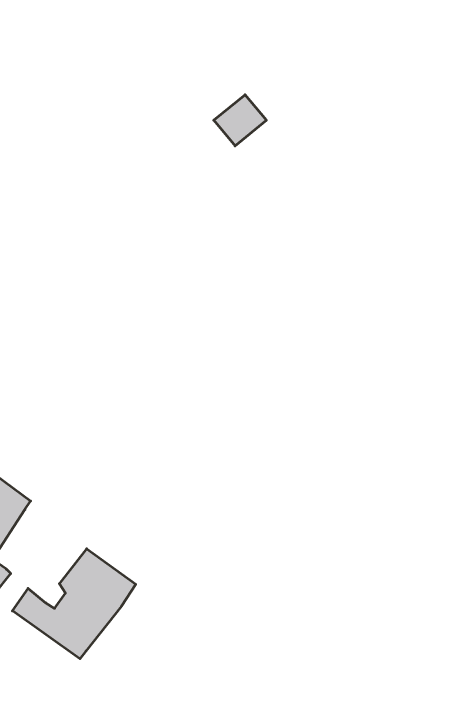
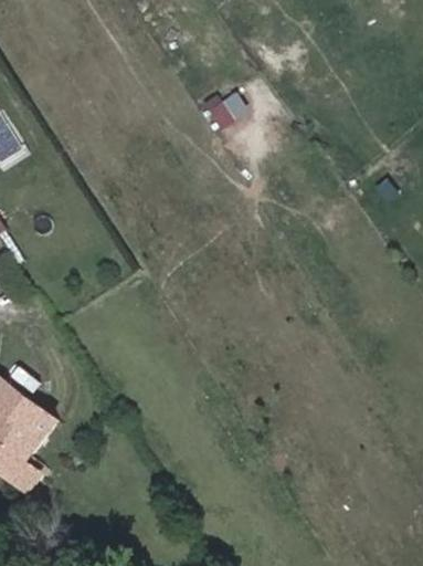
building: [12,549,136,659] -> none

